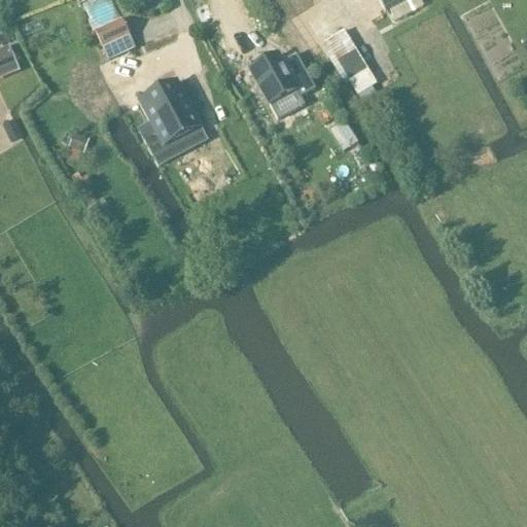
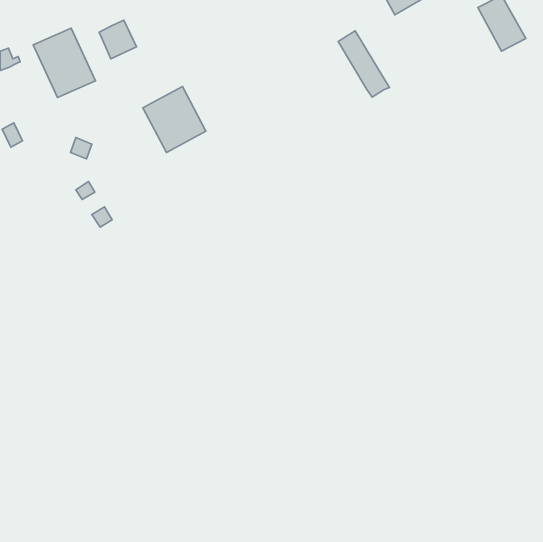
building: none -> [33,28,95,98]
building: [249,57,309,118] -> none

